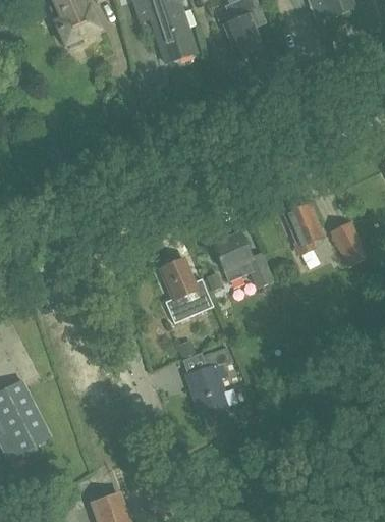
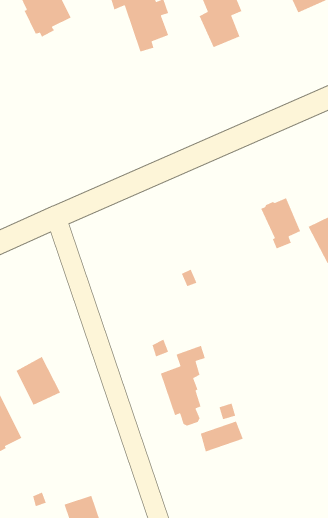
building: [211,231,272,286] -> none
building: [158,257,213,322] -> none
building: none -> [15,356,61,406]
building: none -> [200,421,244,452]

